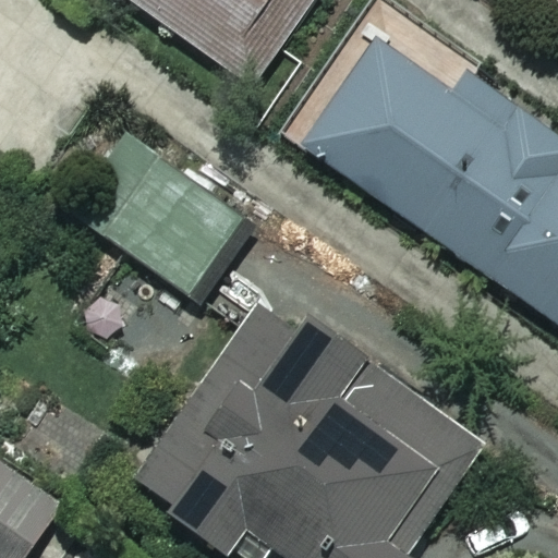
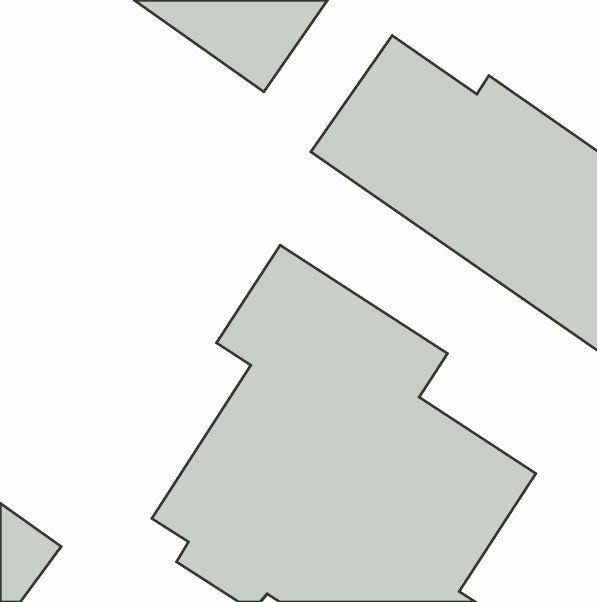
building: [75,137,246,298] -> none

